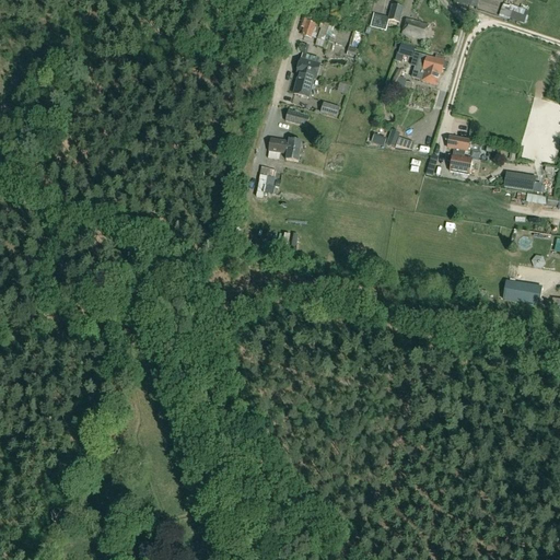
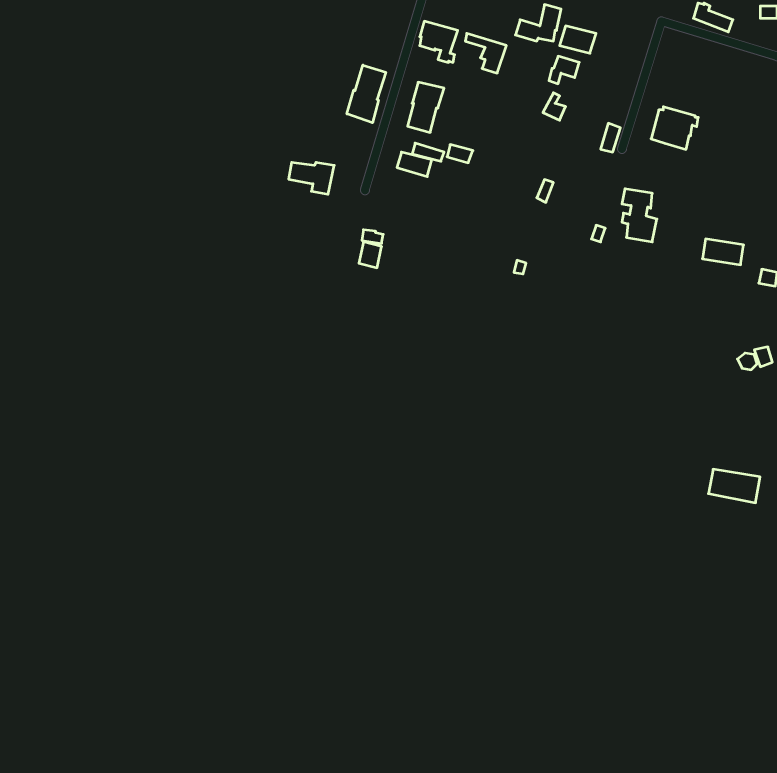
building: none -> [347,65,386,123]
building: [412,54,446,84] -> [651,107,698,149]
building: [269,138,302,161] -> [289,162,334,194]
building: [503,279,540,303] -> [708,469,760,503]

